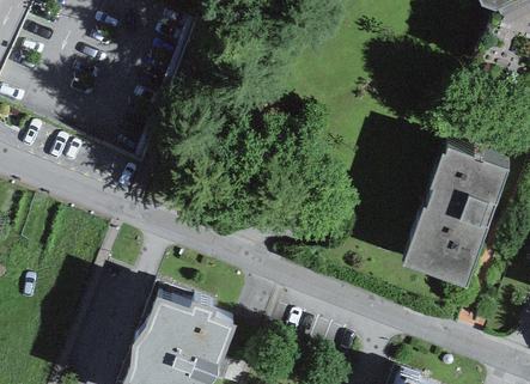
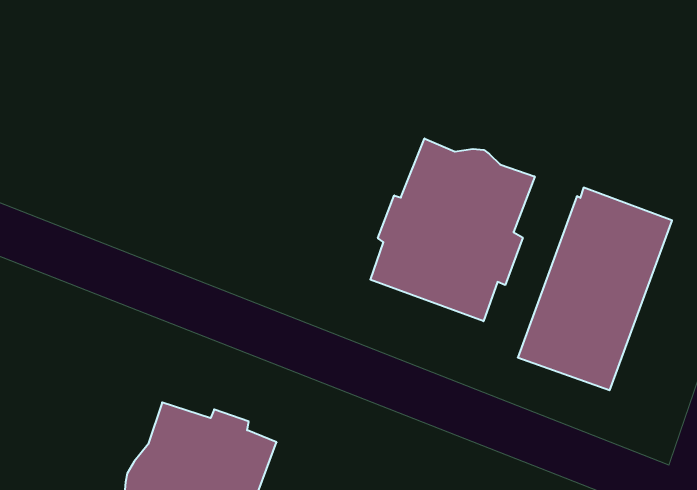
building: none -> [370,138,535,321]

